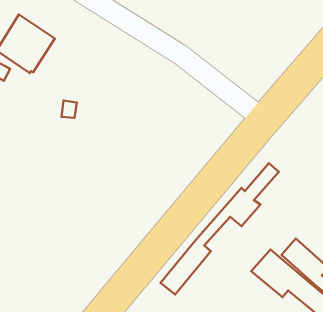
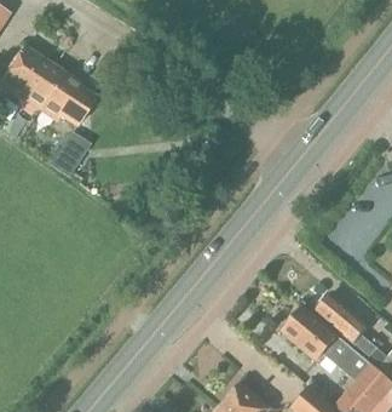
building: none -> [40,70,94,122]
building: [160,163,279,295] -> none

